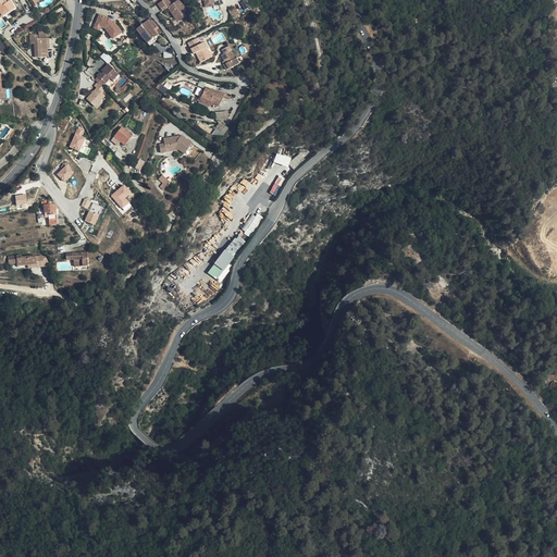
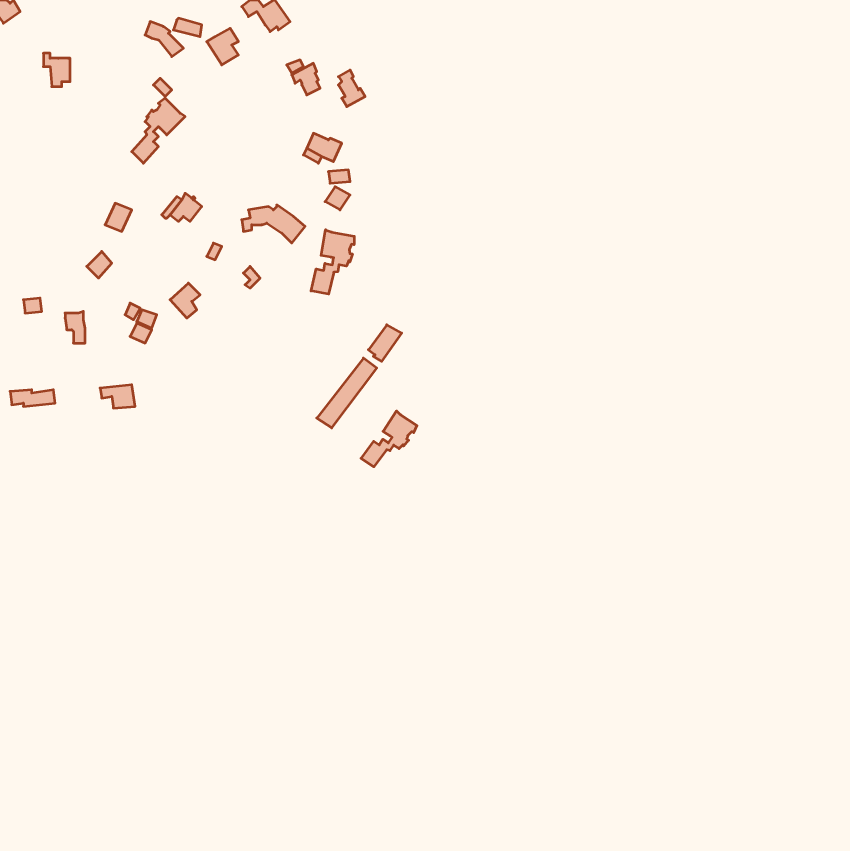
building: none -> [311,230,354,294]
building: none -> [361,411,417,467]

